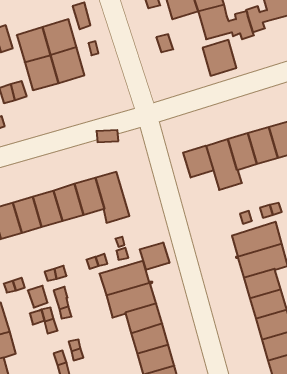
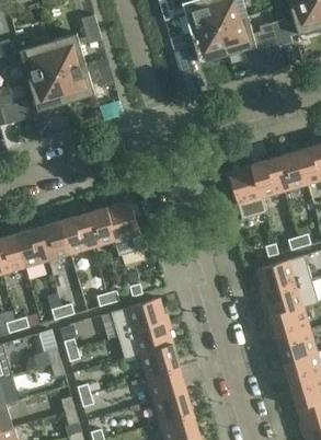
building: [203,40,236,76] -> [191,24,228,63]
building: [183,146,213,178] -> none
building: [140,242,169,270] -> none

